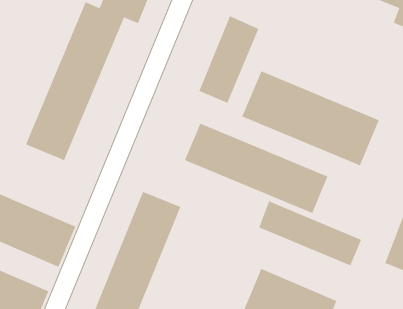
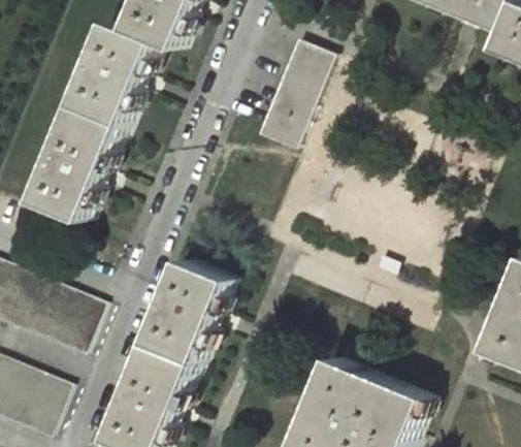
building: [242,71,379,166] -> none
building: [184,123,328,214] -> none
building: [258,201,362,266] -> none

